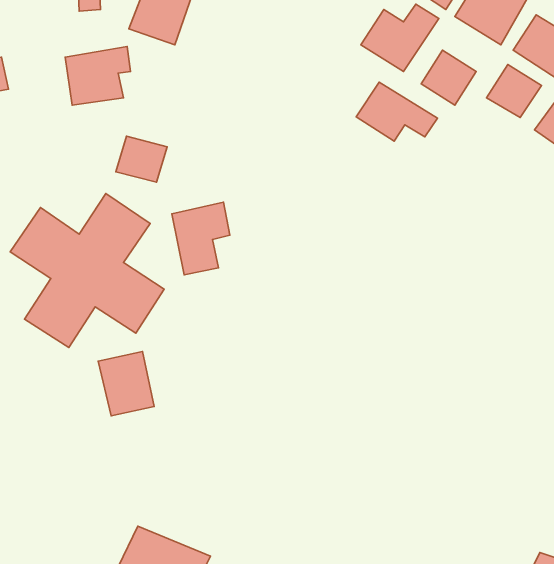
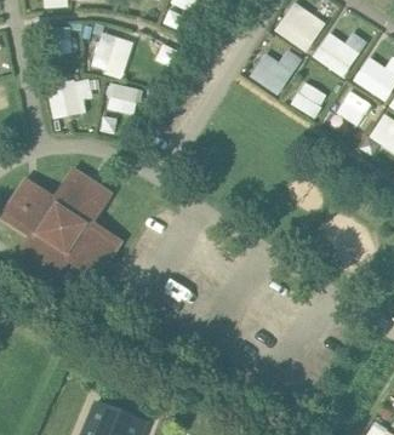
building: [356,82,437,141] -> none
building: [116,136,167,182] -> [104,82,139,114]
building: [172,202,230,275] -> none
building: [98,352,154,416] -> none

